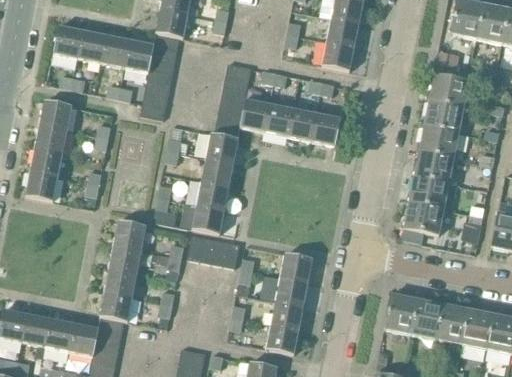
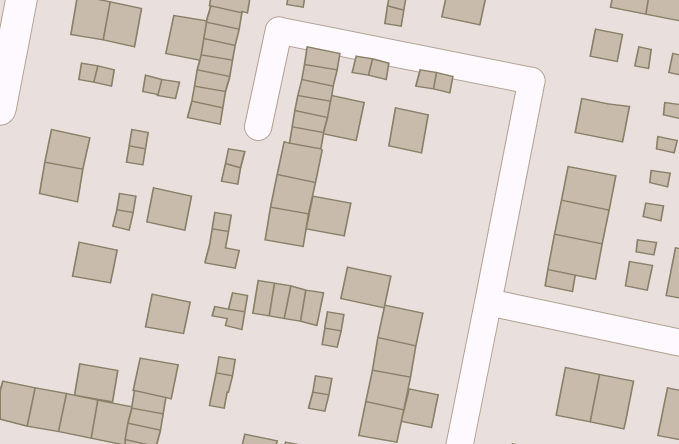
building: [100,35,129,68] -> none
building: [321,41,354,71] -> none
building: [429,75,469,107] -> none
building: [39,100,72,130] -> none
building: [263,104,292,136] -> none
building: [311,113,340,146] -> none
building: [419,126,459,158] -> none
building: [25,171,58,201] -> [72,242,117,283]
building: [191,205,224,234] -> [306,196,351,236]
building: [113,220,146,251] -> [147,188,192,230]
building: none -> [341,267,391,308]
building: [104,269,136,297] -> [74,364,118,402]
building: [384,294,417,334] -> none
building: [460,309,492,349] -> none
building: none -> [402,389,438,428]

